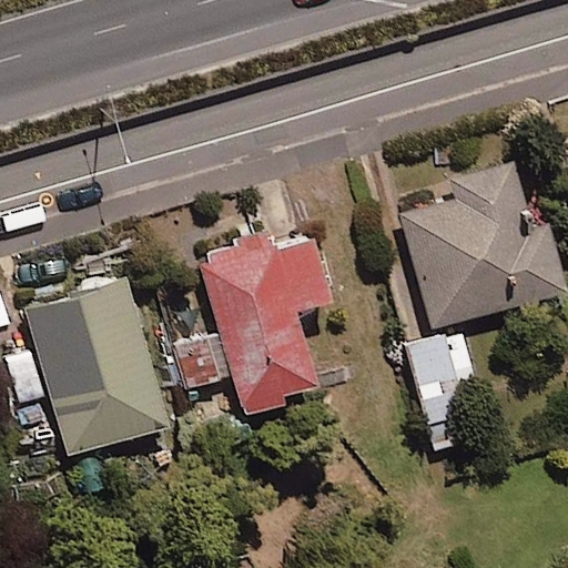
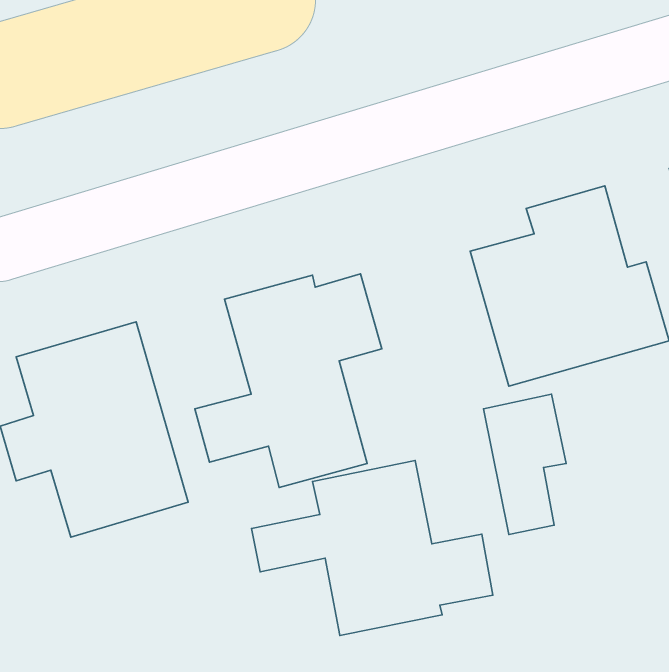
building: none -> [251,461,493,635]

